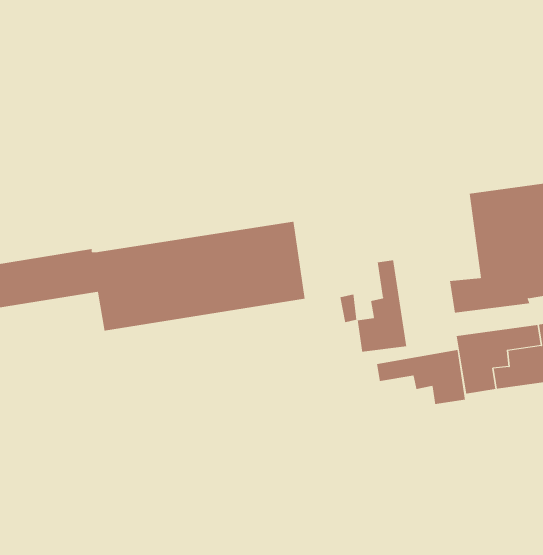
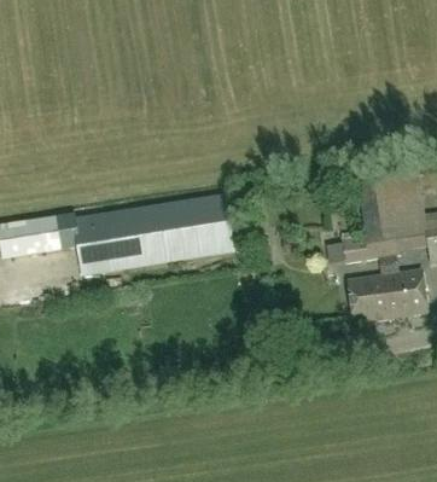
building: [357,259,407,352] -> none
building: [377,349,466,405] -> none

